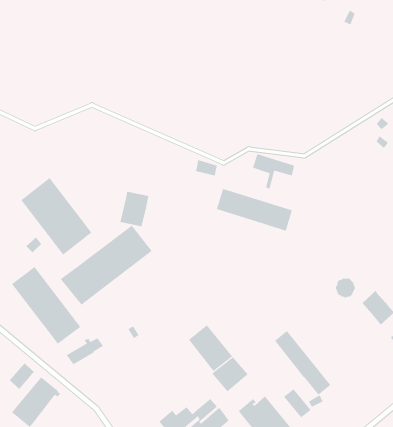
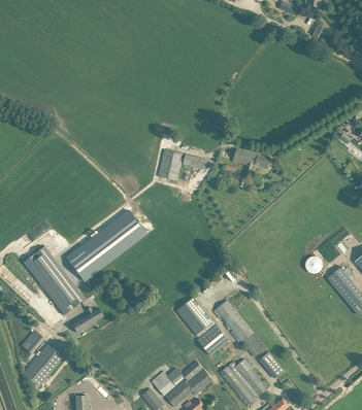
building: [20,177,92,255] -> none
building: [216,188,293,231] -> none
building: [120,191,149,227] -> [157,149,183,180]
building: [274,330,331,395] -> [216,300,265,356]

